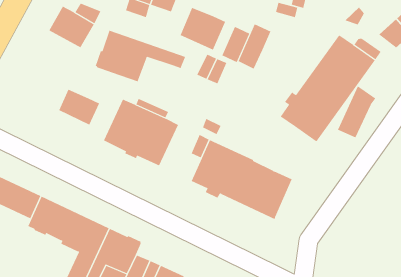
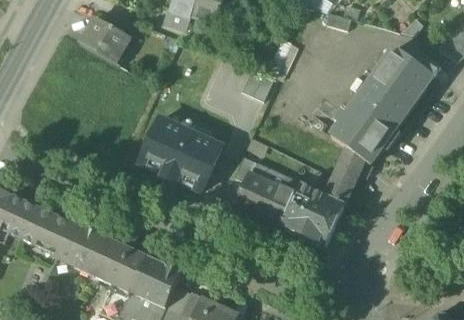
building: [180,7,226,51] -> none
building: [238,24,271,70] -> none
building: [95,30,186,82] -> none
building: [337,85,376,138] -> [324,147,366,204]
building: [59,89,100,125] -> none

